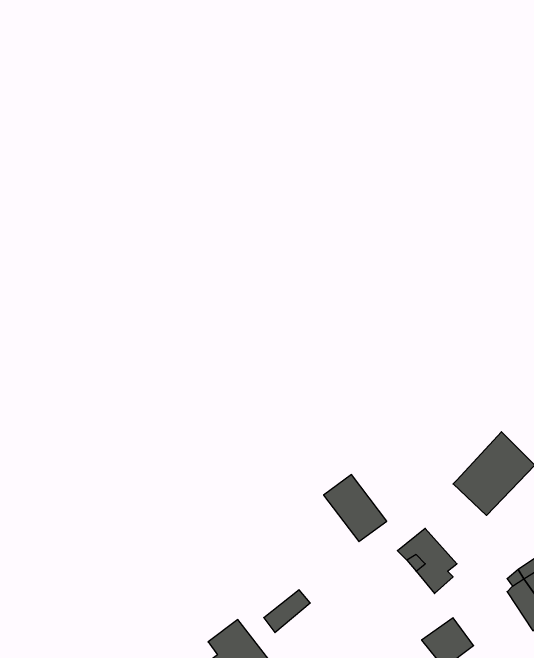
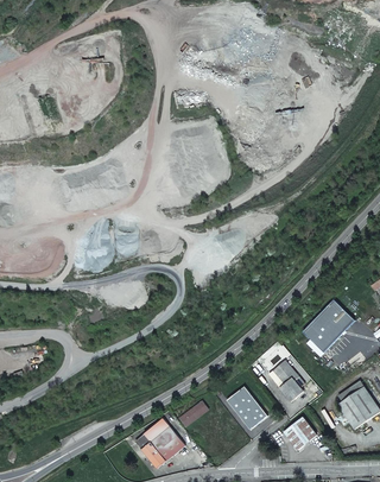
building: [324,475,387,542] -> [226,386,266,429]

